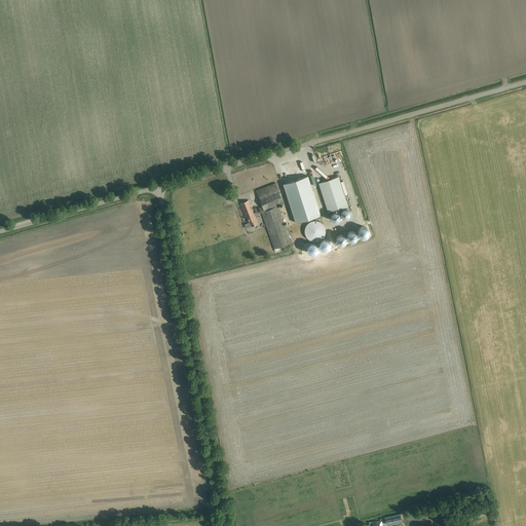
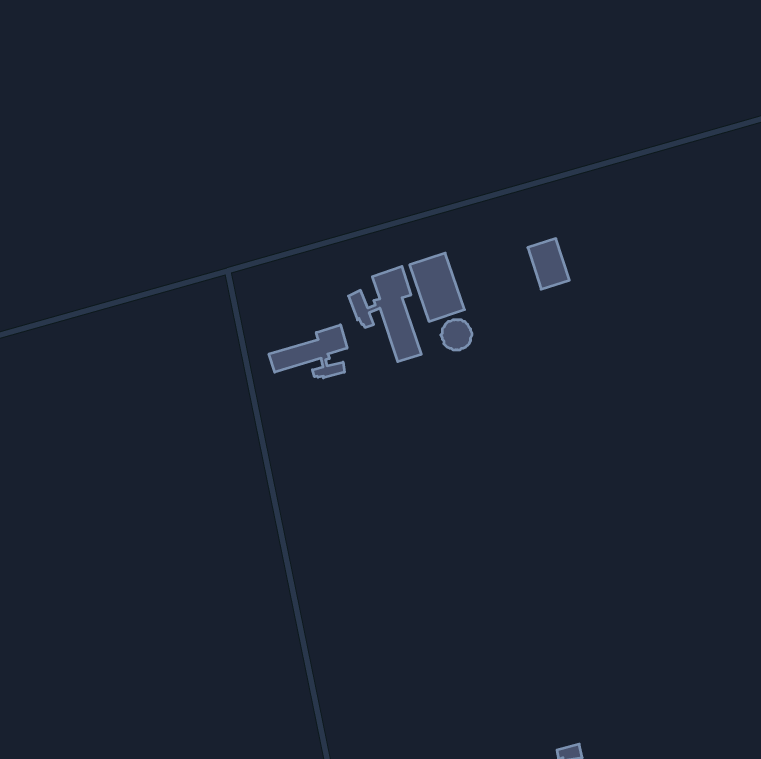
building: [318,178,347,213] -> [528,239,569,289]
building: none -> [269,325,347,378]

